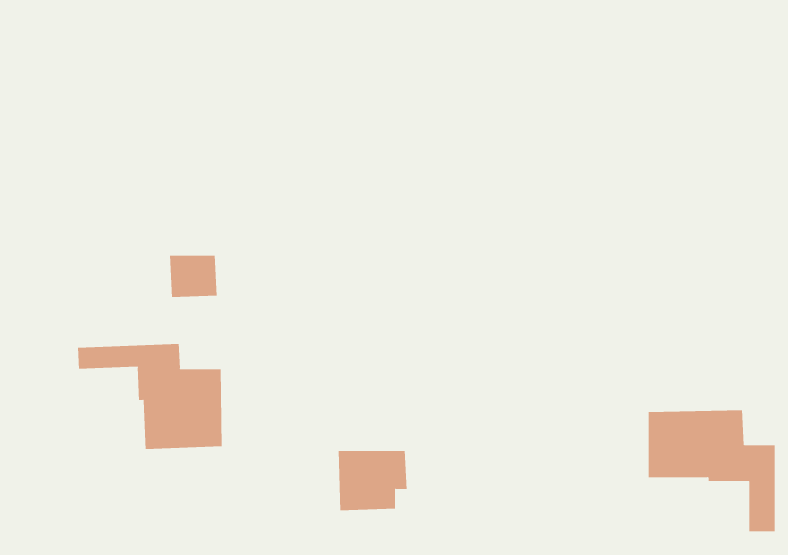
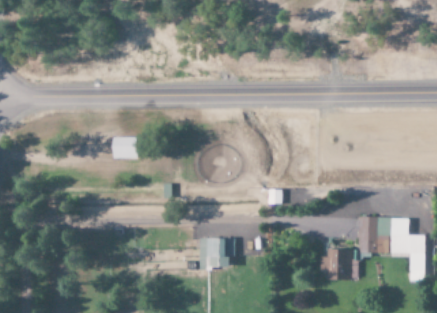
building: [77,343,222,450] -> none
building: none -> [319,249,351,280]

